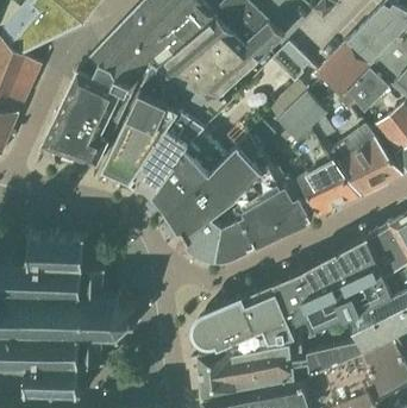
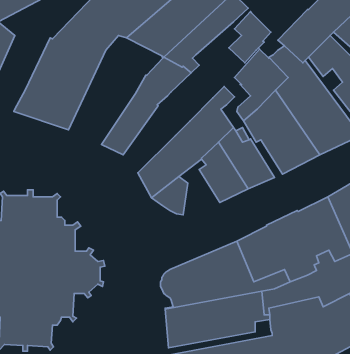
building: [102,69,195,183] -> none
building: [154,132,224,213] -> none
building: [217,209,252,257] -> none

